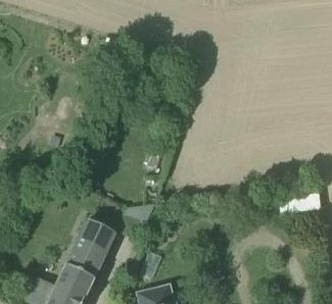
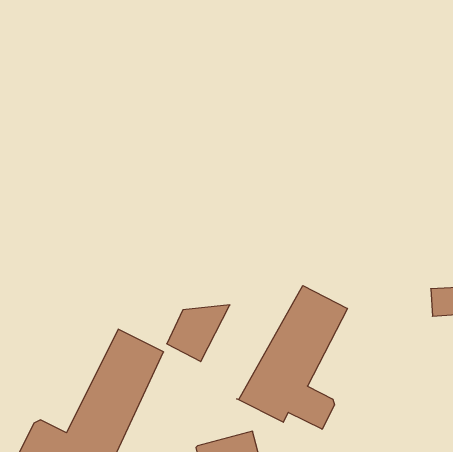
building: none -> [237,286,347,429]

